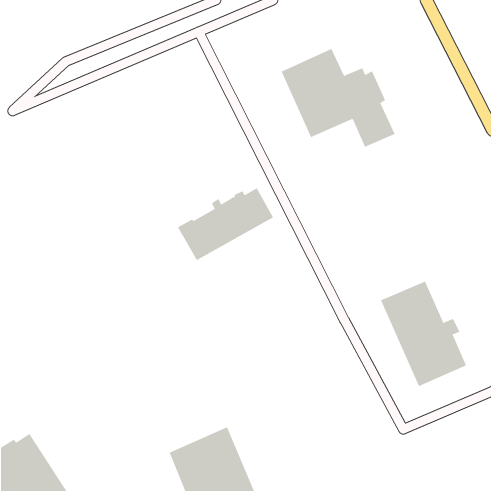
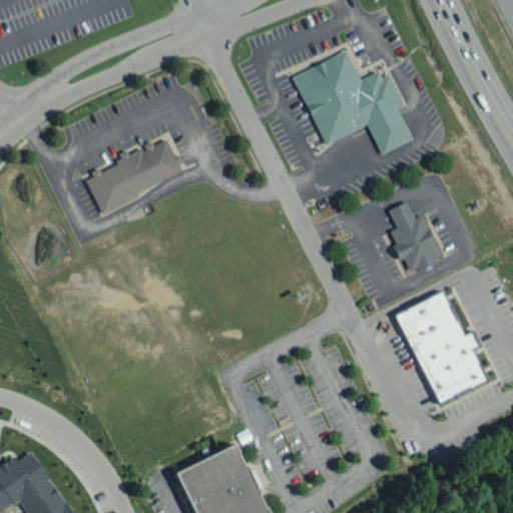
building: [177,188,274,261] -> [84,138,184,214]
building: none -> [388,202,442,274]

